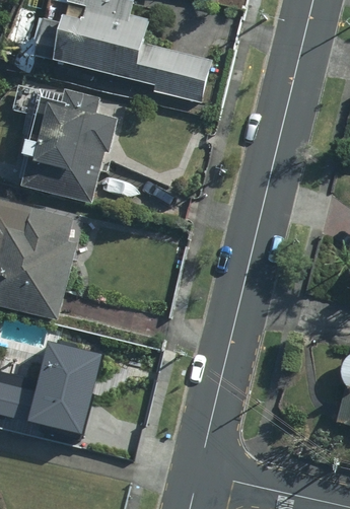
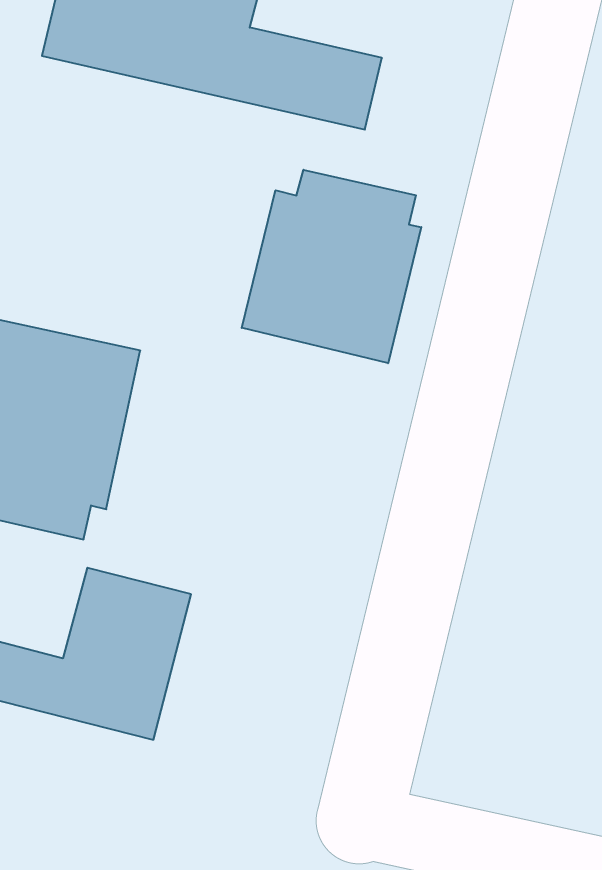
building: [14,92,110,203] -> none
building: none -> [242,170,421,363]

